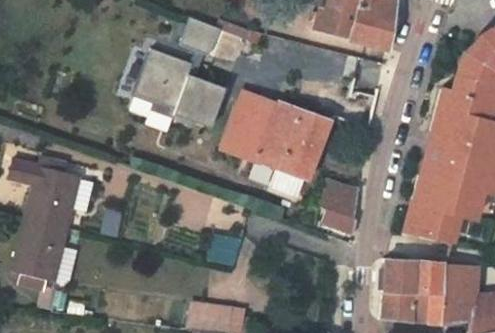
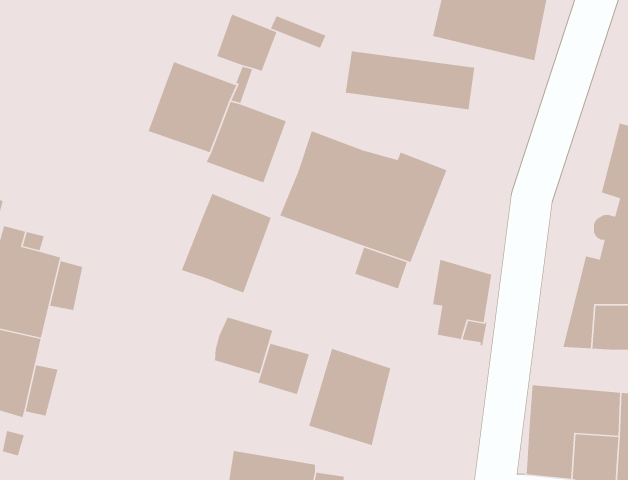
building: none -> [181,193,272,294]
building: none -> [214,317,273,375]
building: none -> [308,348,391,446]

